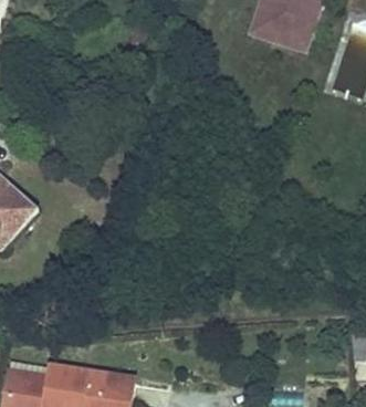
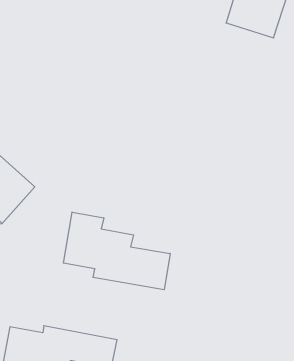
building: none -> [63,212,170,290]

